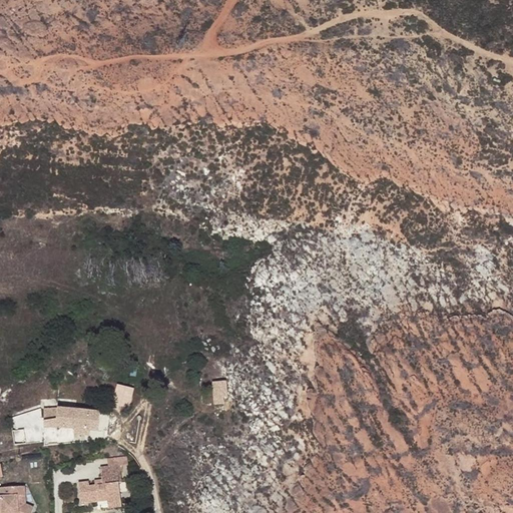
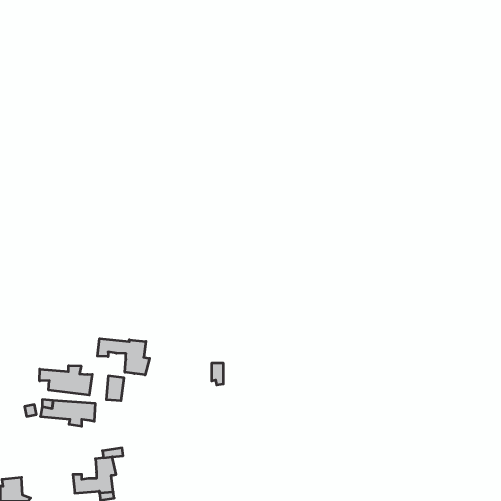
building: none -> [97,339,150,375]
building: none -> [40,366,92,395]

